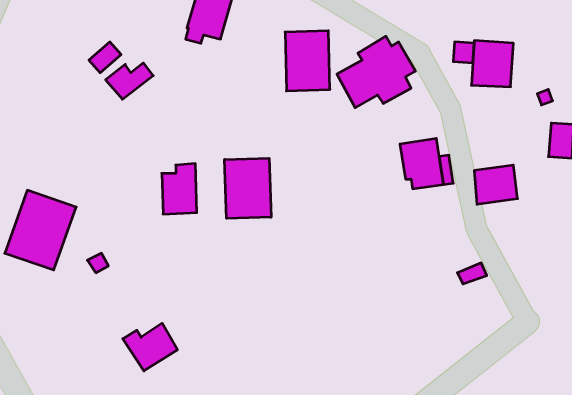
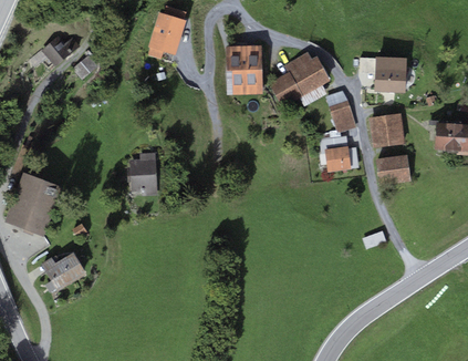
building: [106,63,153,99] -> [41,38,79,66]
building: none -> [326,91,355,131]
building: none -> [370,114,405,148]
building: [225,158,271,218] -> none
building: [123,323,177,371] -> [41,254,84,291]

